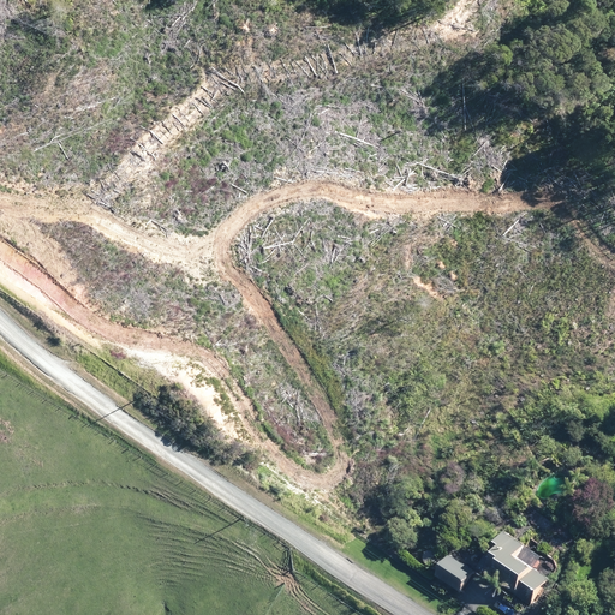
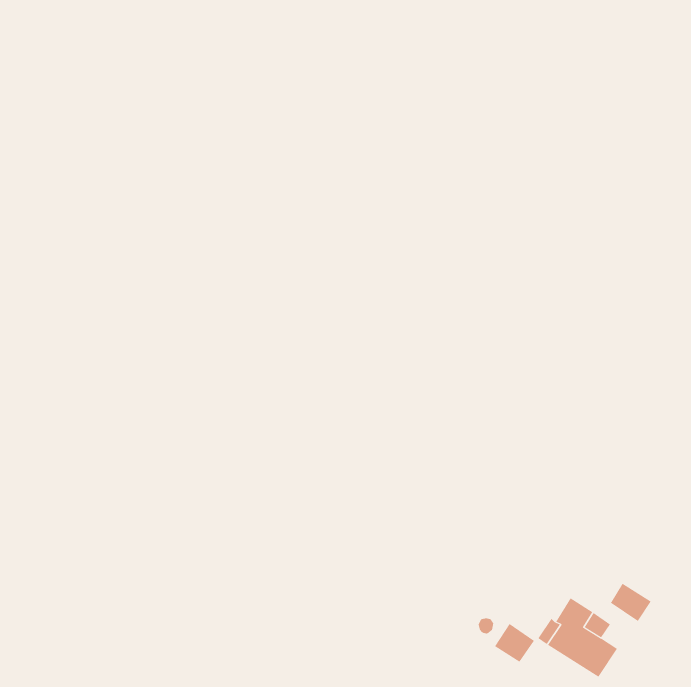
building: none -> [610,583,652,622]

